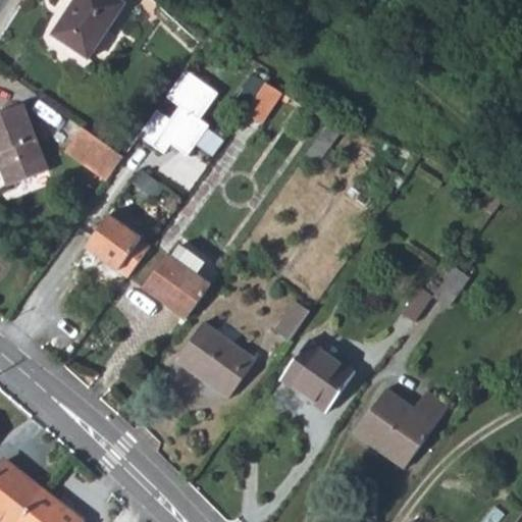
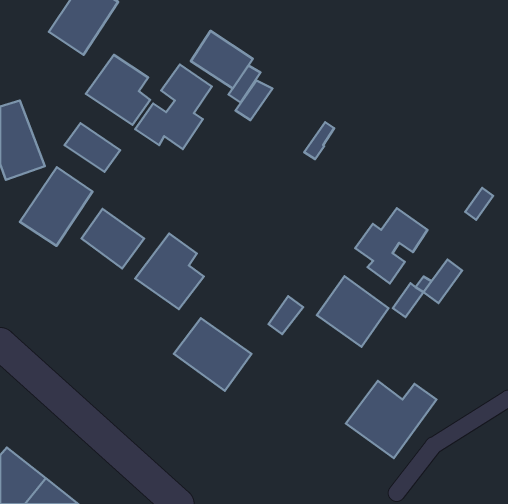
building: none -> [191,31,253,88]
building: none -> [86,55,150,125]
building: none -> [20,167,92,246]
building: none -> [355,208,427,284]
building: [281,342,355,414] -> [317,276,388,347]

